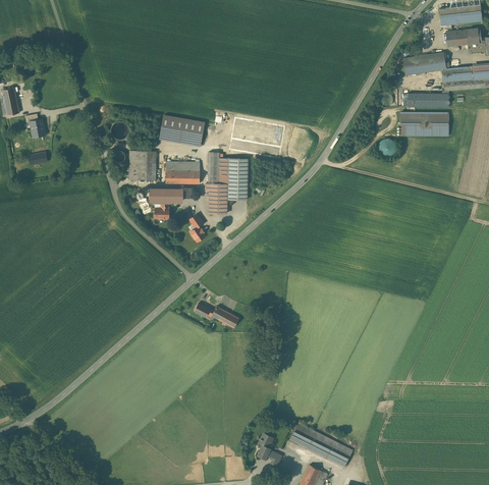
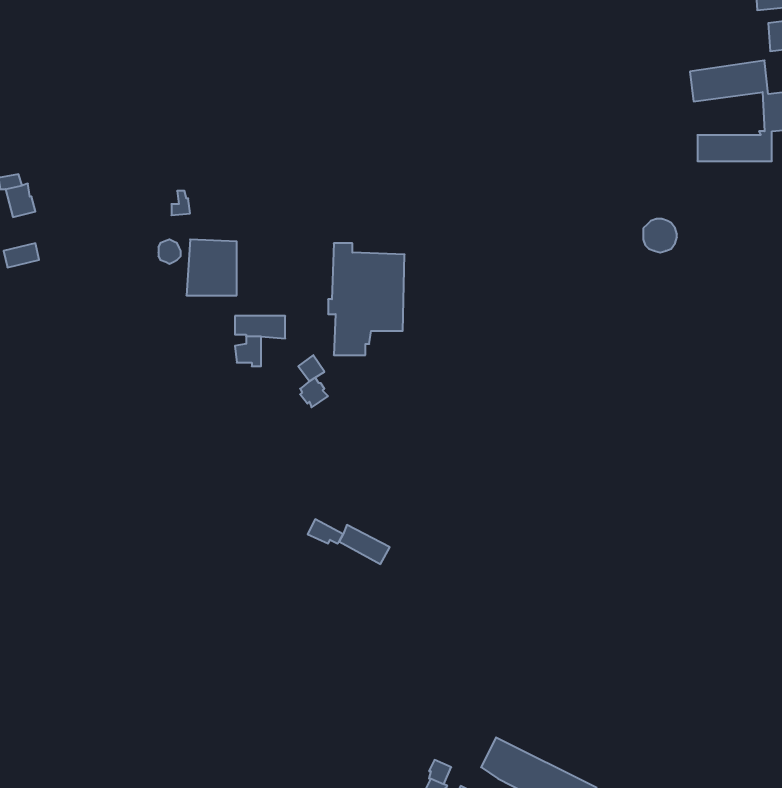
building: [400,112,445,134] -> none
building: [159,115,204,143] -> none
building: [164,161,200,182] -> none

